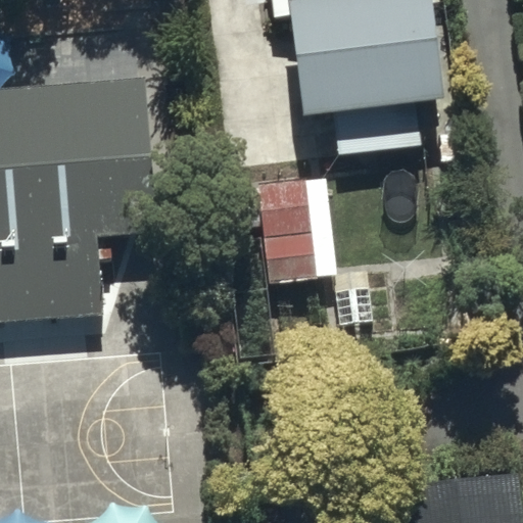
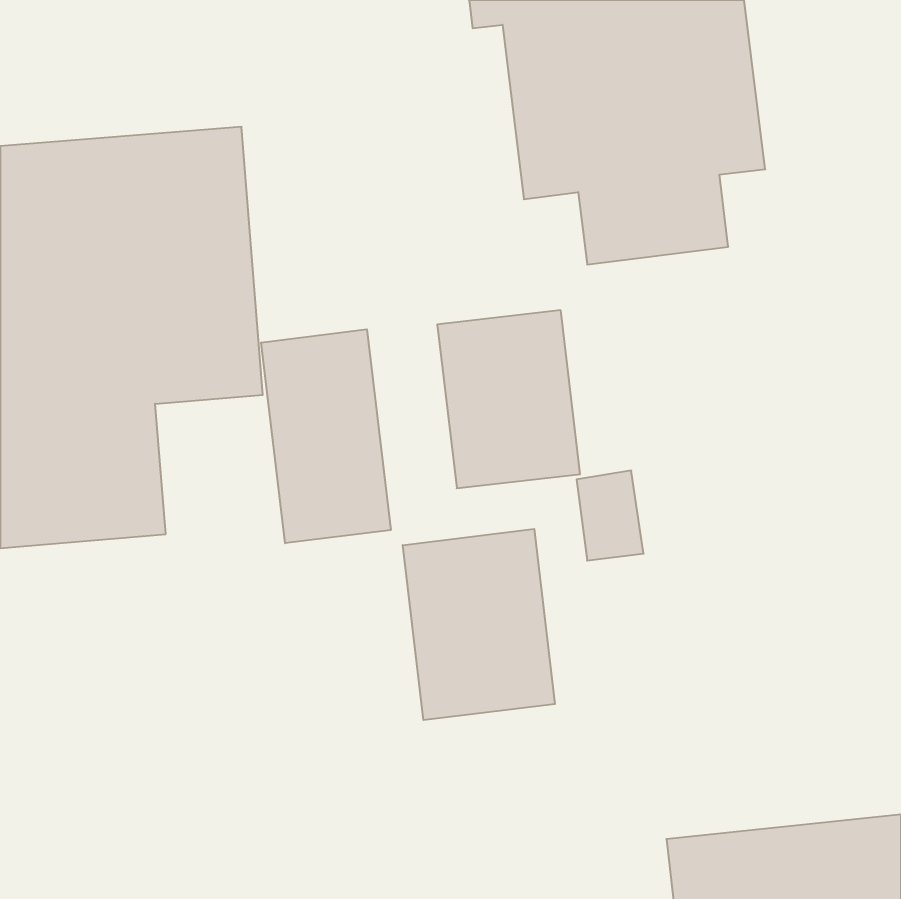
building: none -> [261,329,391,543]
building: none -> [403,529,555,720]

